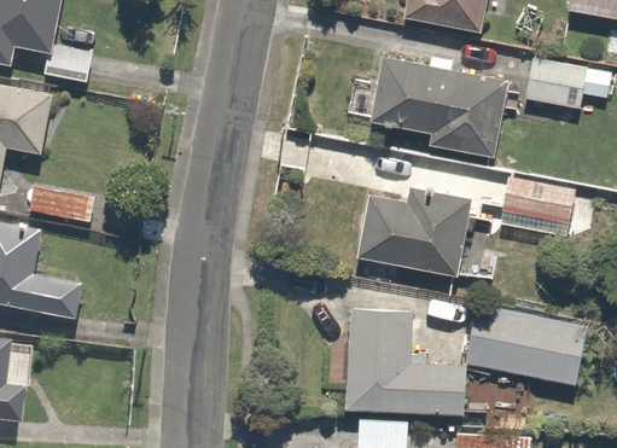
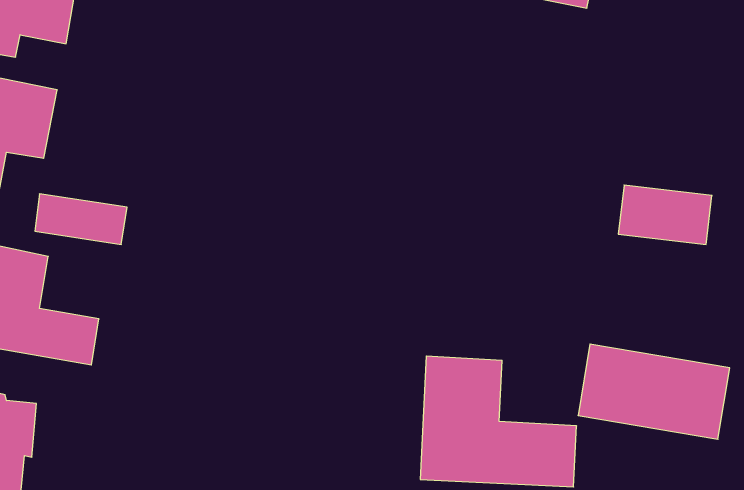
building: [372,56,511,159] -> none
building: [524,57,588,107] -> none
building: [355,188,473,279] -> none

